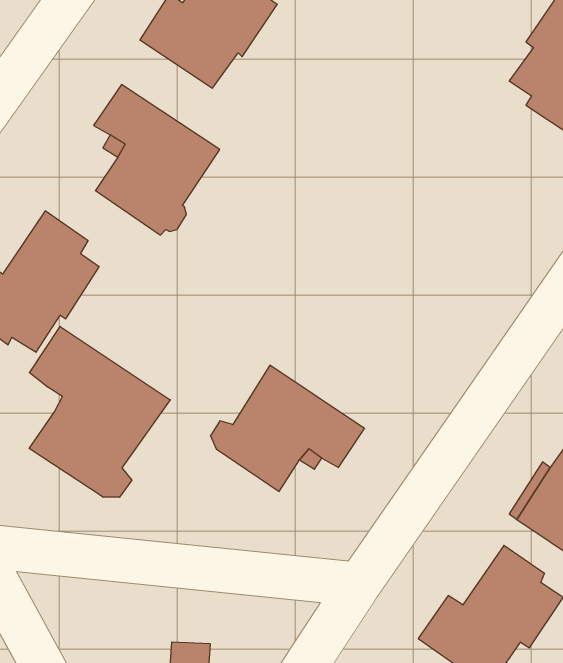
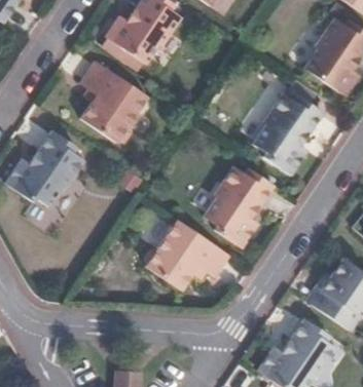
building: none -> [254,90,321,171]
building: none -> [205,166,273,246]
building: [29,326,170,497] -> none

